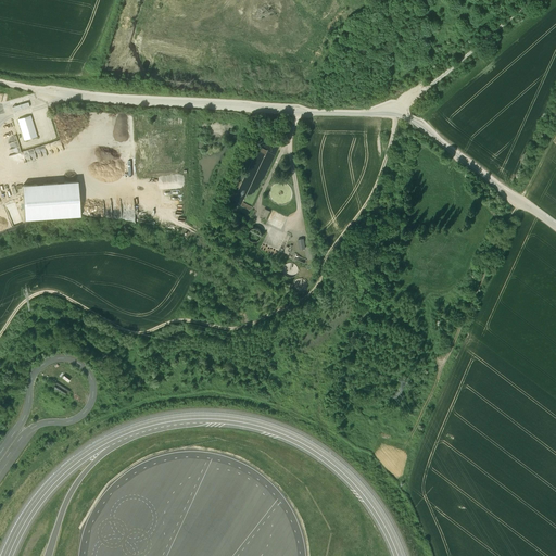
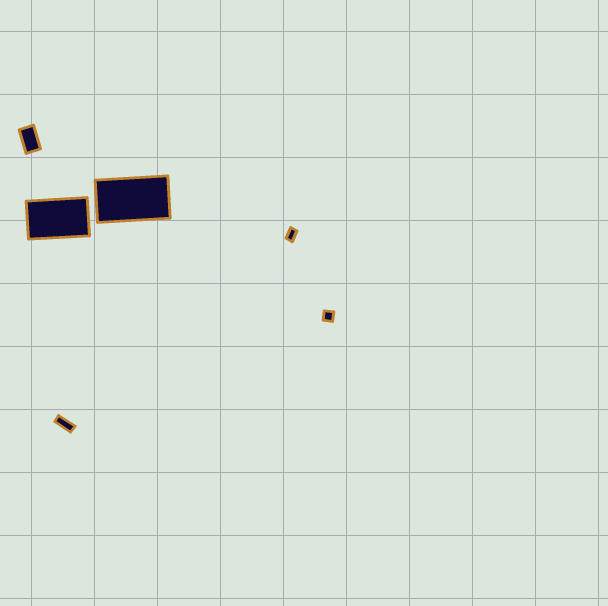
building: none -> [95,176,170,222]

